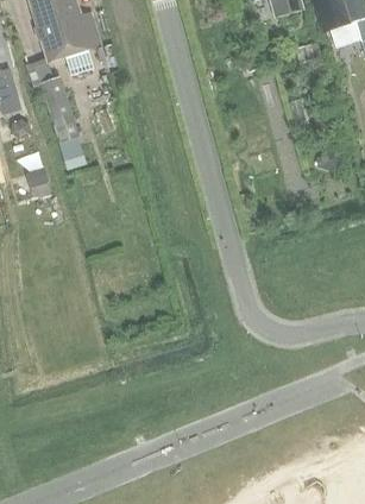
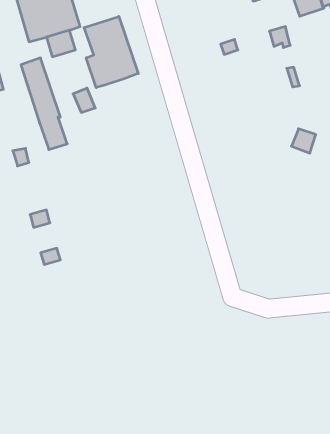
building: none -> [84,16,138,88]

